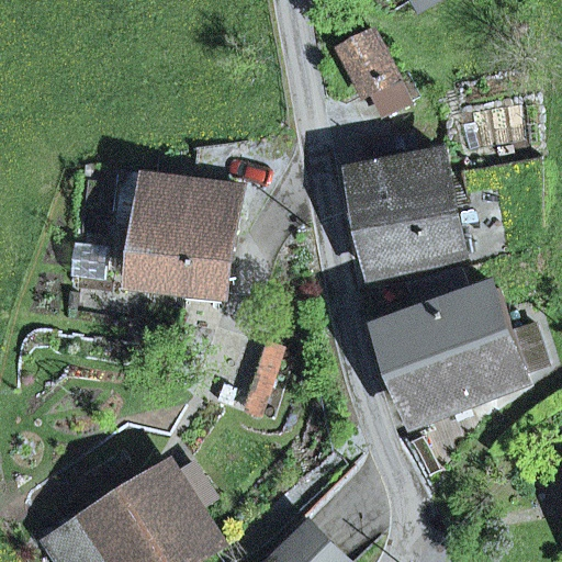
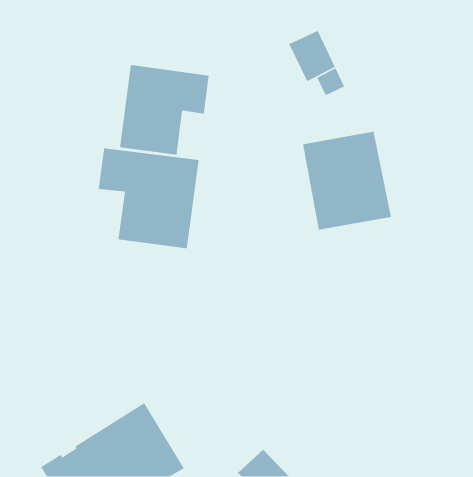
building: none -> [119,64,210,156]
building: [386,270,546,417] -> none

